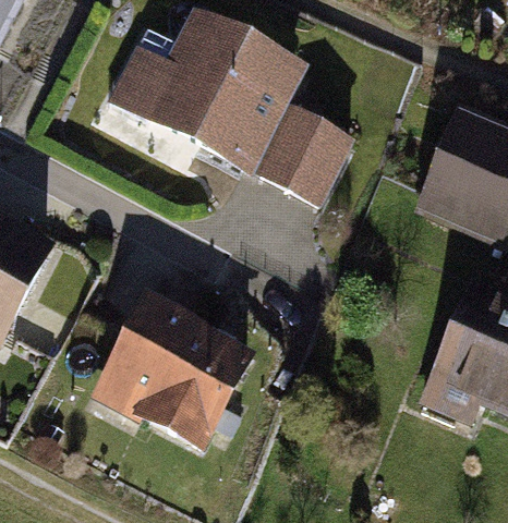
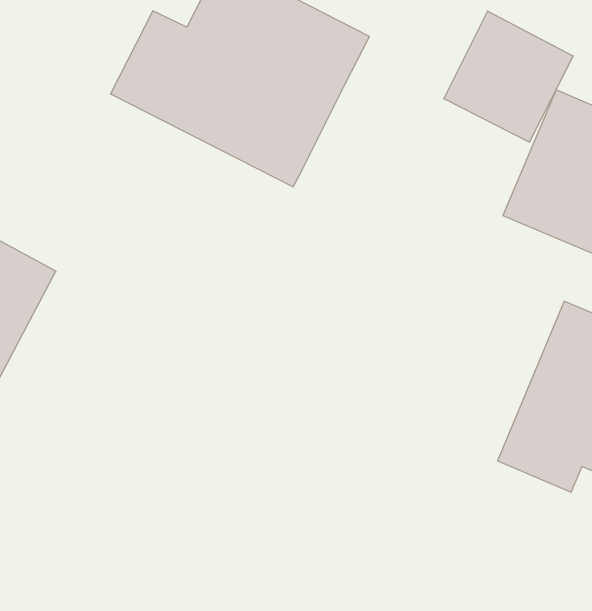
building: [256,101,360,206] -> [444,11,573,142]
building: [85,287,259,457] -> none

